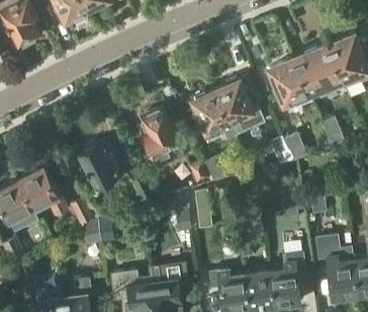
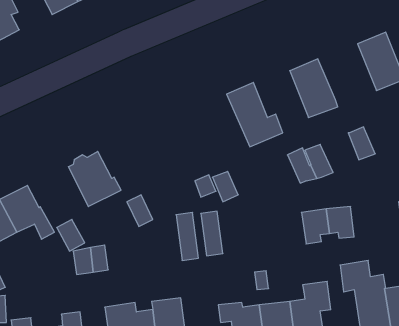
building: [294,47,345,97] -> none
building: [192,90,236,145] -> none
building: [141,107,181,162] -> none

